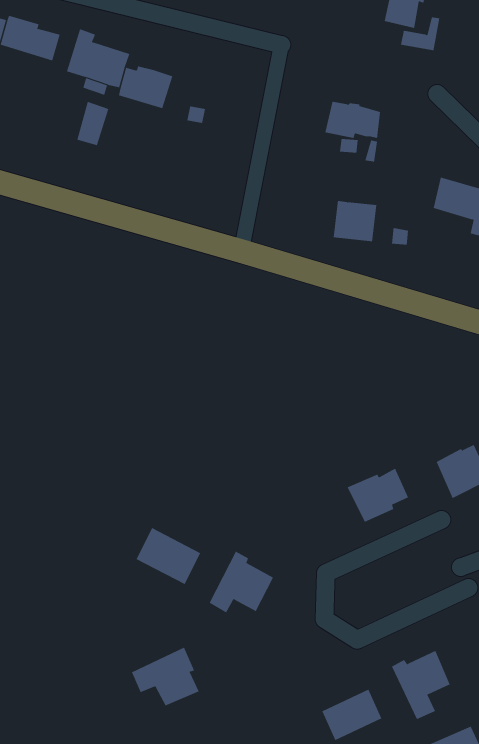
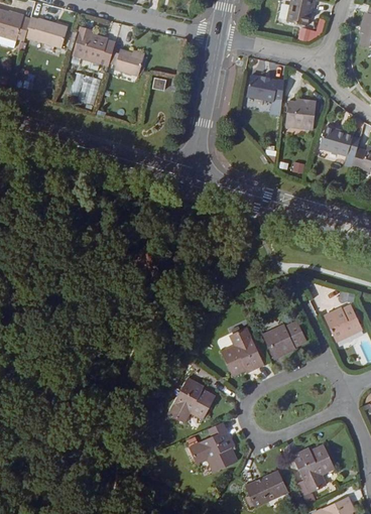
building: [333,200,377,242] -> [286,99,317,127]
building: none -> [217,330,258,377]
building: [136,527,201,585] -> none
building: [131,647,199,706] -> [190,430,236,471]

